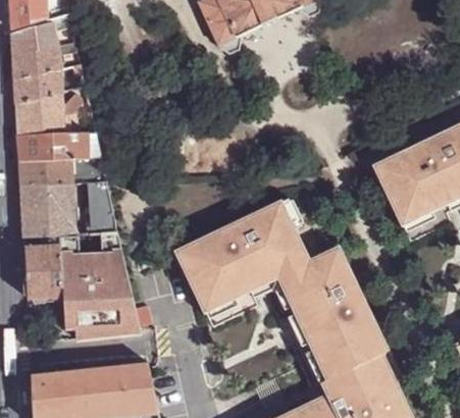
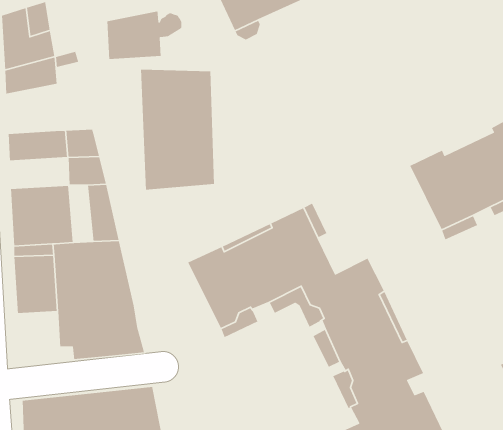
building: none -> [140,69,215,190]
building: [15,93,83,137] -> [106,10,182,60]
building: [18,158,71,186] -> none

